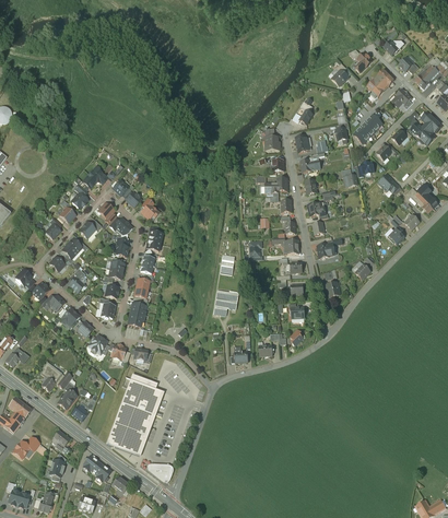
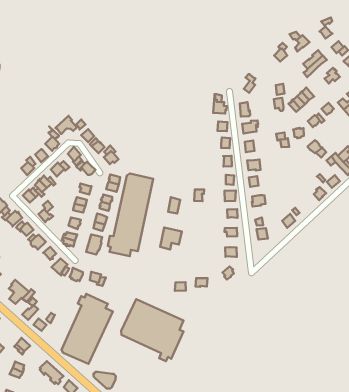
building: none -> [108,173,153,256]
building: none -> [121,299,184,361]

